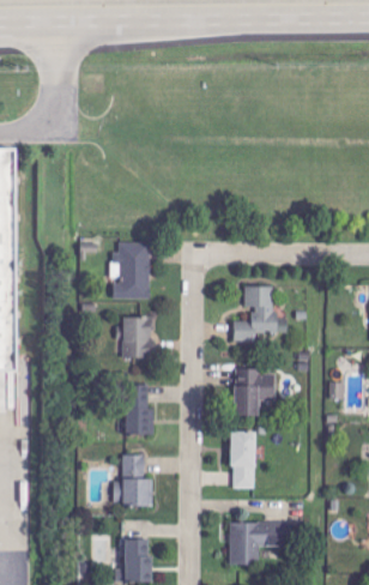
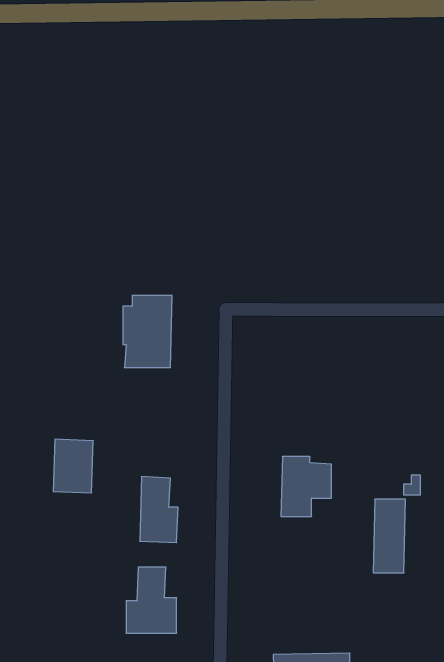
building: [235,285,289,340] -> none
building: [123,316,155,358] -> [53,439,93,493]
building: [232,430,258,488] -> [373,499,405,573]

